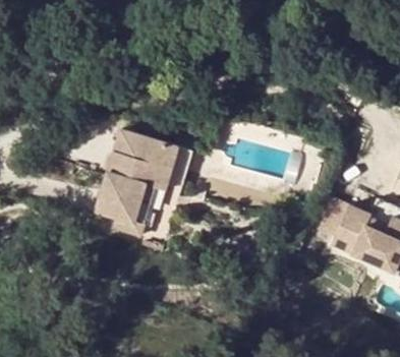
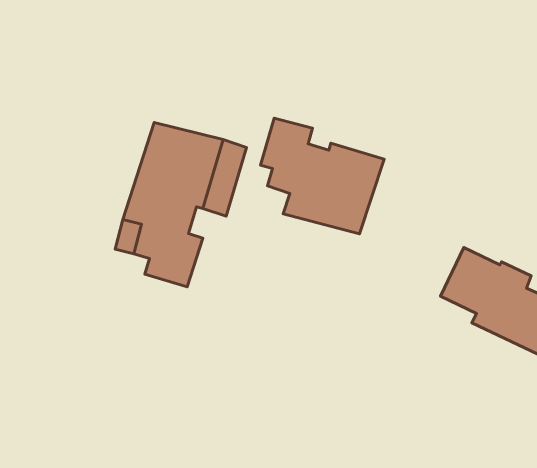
building: none -> [260,118,384,234]

